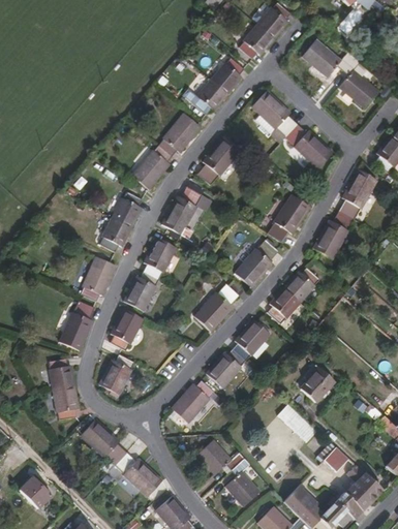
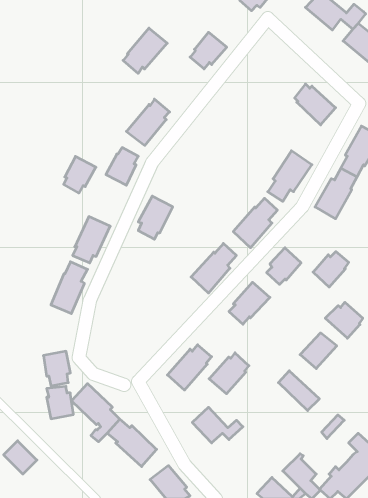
building: [211,58,244,94] -> none
building: [252,91,304,143] -> none
building: [159,113,202,156] -> [123,28,167,73]
building: [197,136,240,184] -> none
building: [162,186,202,235] -> none
building: [101,216,132,251] -> [64,156,96,193]
building: [284,267,318,301] -> [313,252,349,287]
building: [124,270,159,310] -> none
building: [108,310,142,350] -> none
building: none -> [325,302,363,338]
building: [206,347,244,386] -> [209,353,249,394]
building: [98,353,133,395] -> none
building: [49,359,74,390] -> [47,386,73,419]
building: [225,458,259,504] -> none

